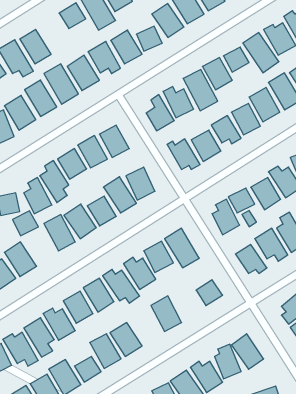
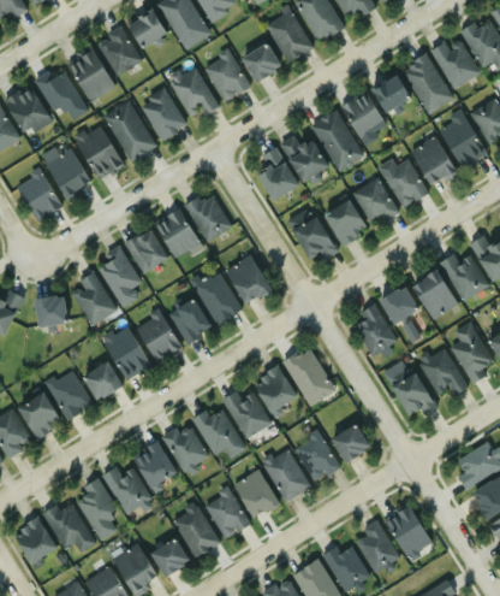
building: none -> [95,26,141,76]
building: [13,211,38,236] -> [82,362,120,400]
building: none -> [294,432,338,482]
building: none -> [233,470,278,518]

